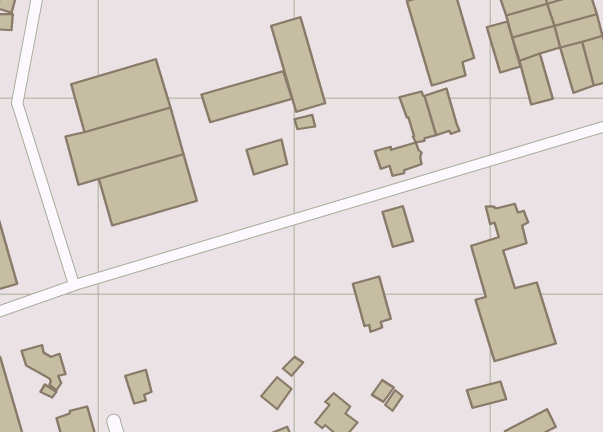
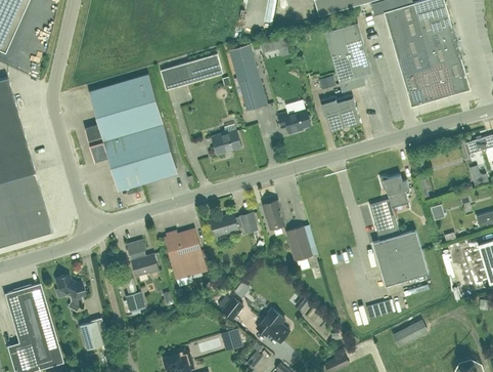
building: [487,21,521,72] -> [417,66,441,101]
building: [202,71,292,122] -> [160,54,223,90]
building: [375,142,422,176] -> [277,110,310,133]
building: [382,206,413,247] -> [263,201,284,230]
building: none -> [210,212,257,237]
building: none -> [165,230,206,278]
building: none -> [127,240,159,277]

